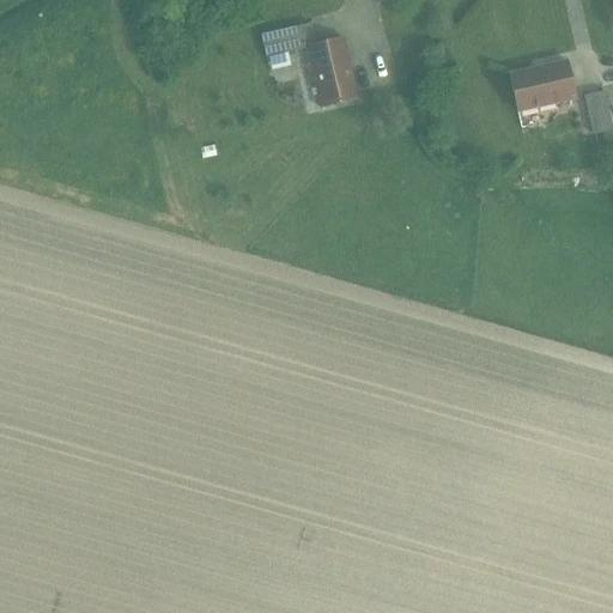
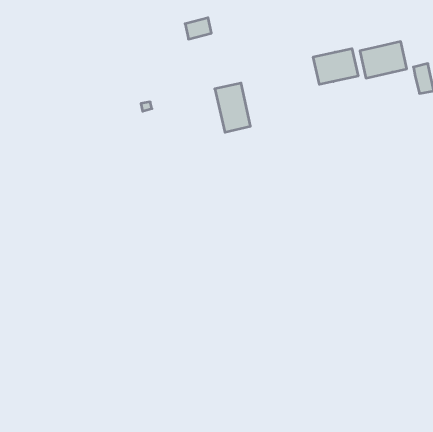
building: [306,36,357,105] -> [215,83,250,132]
building: none -> [313,49,358,84]

